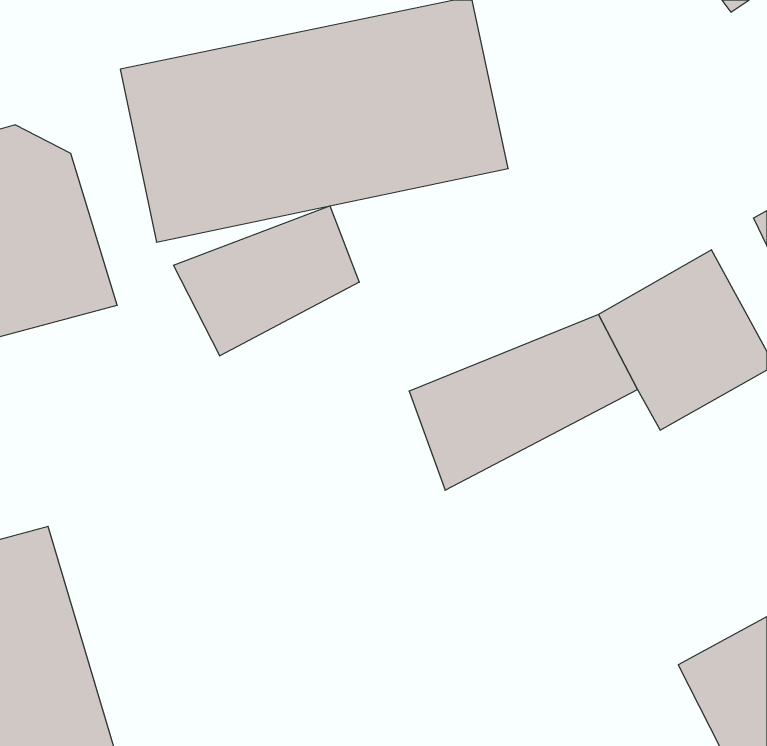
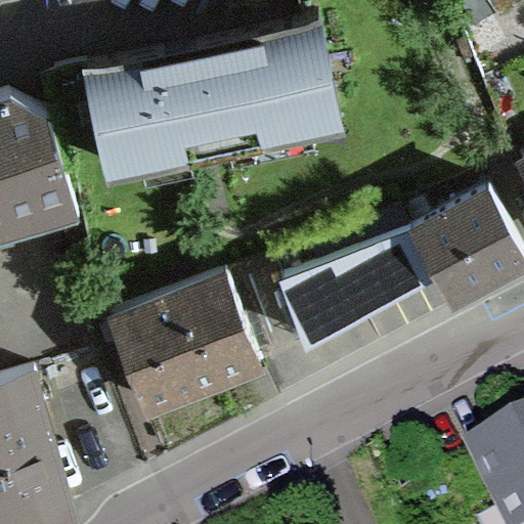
building: [174,206,359,356] -> none
building: none -> [104,275,264,423]

